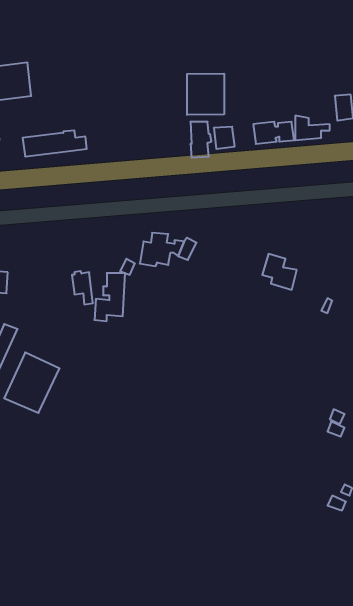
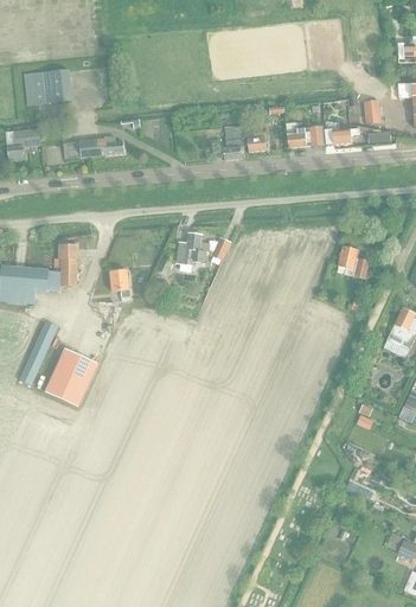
building: [187,74,224,115] -> none
building: [262,254,297,290] -> [337,244,370,279]
building: [94,273,125,321] -> [47,245,77,292]

